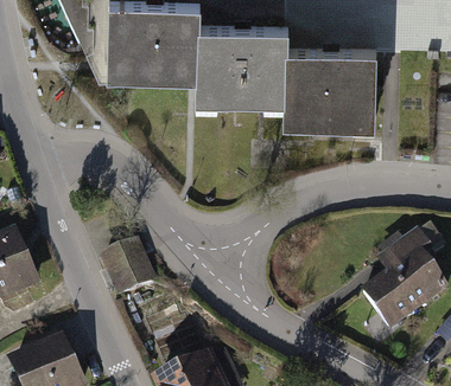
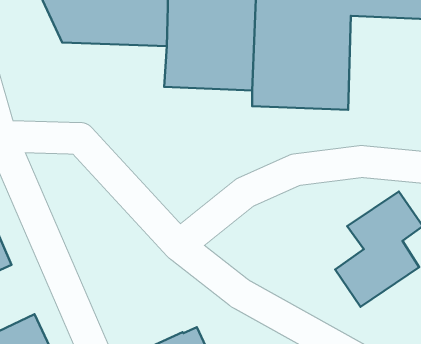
building: [97,242,157,302] -> none

